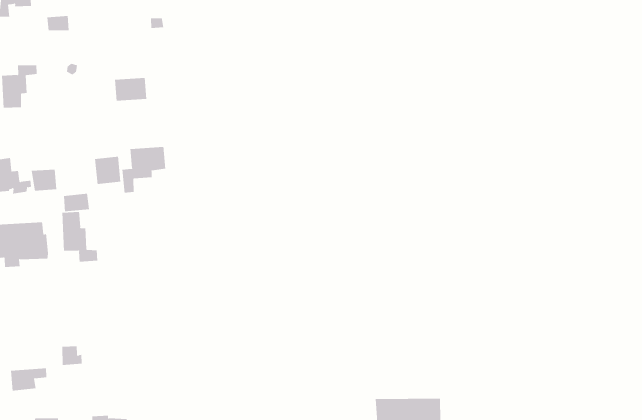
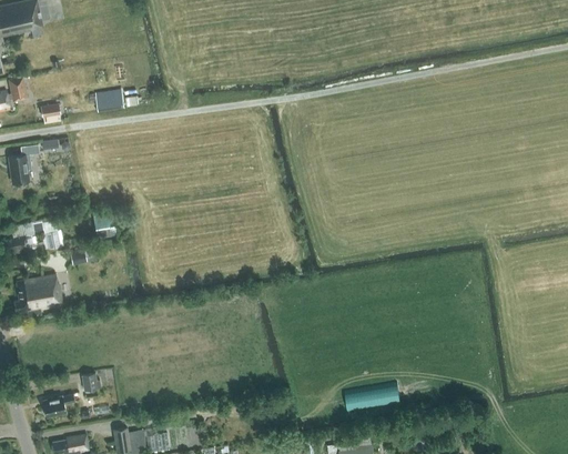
building: [114,78,147,101] -> [95,88,124,110]
building: [122,146,166,194] -> none
building: [62,211,98,263] -> none

